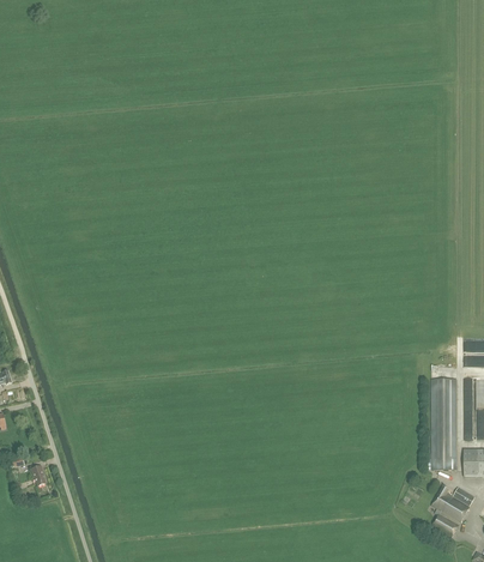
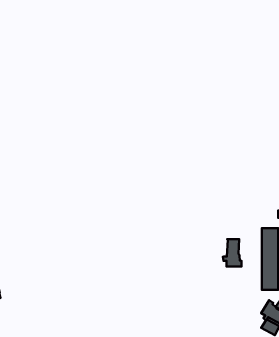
building: none -> [223,239,242,267]

